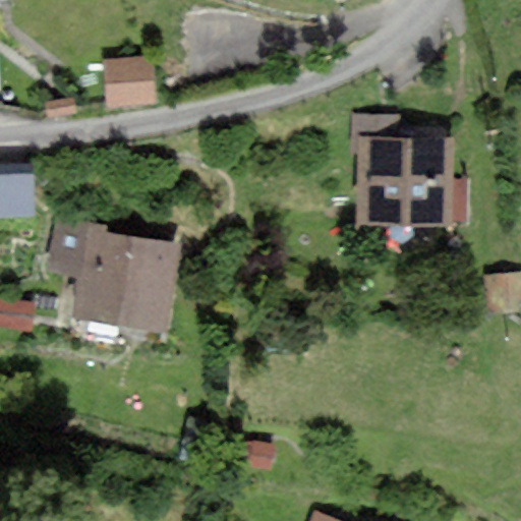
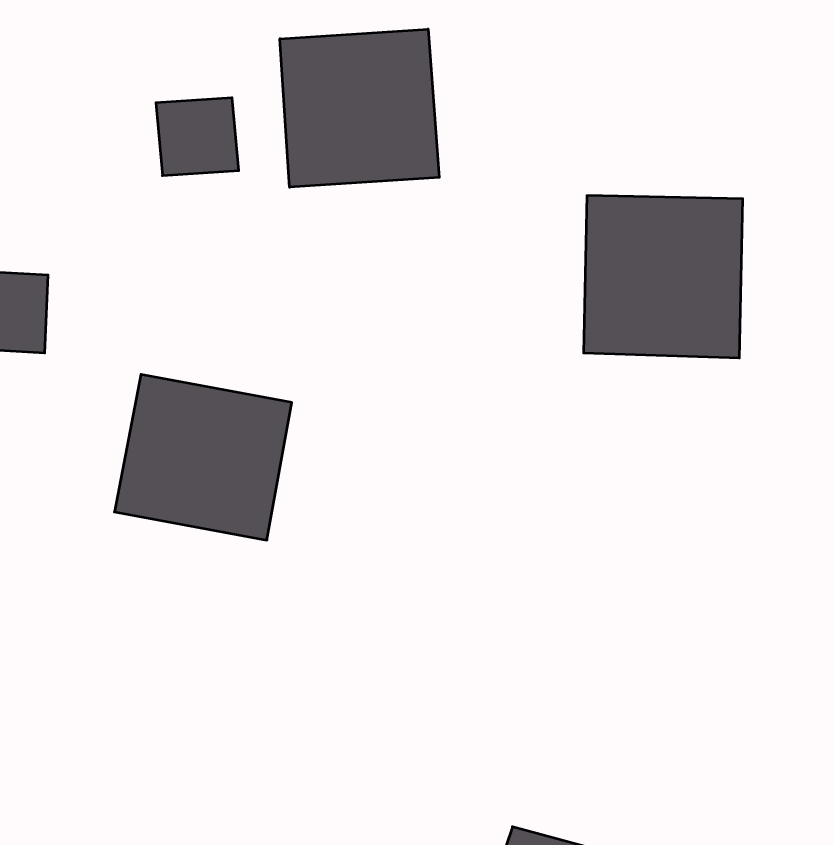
building: none -> [280,29,439,187]

